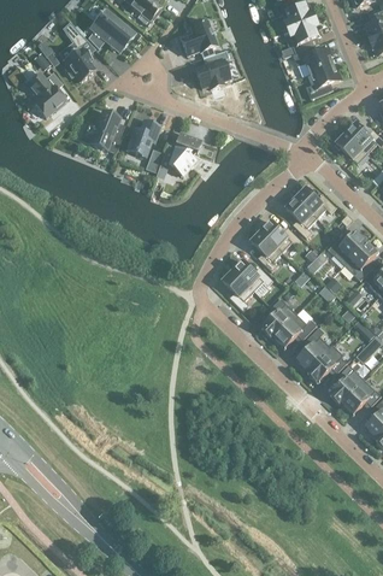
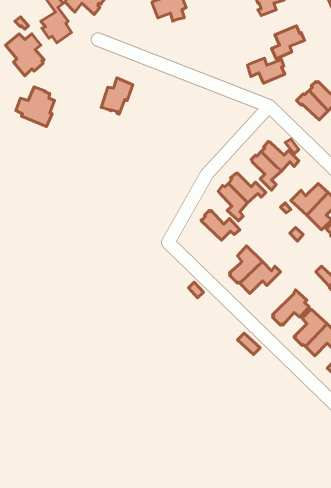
building: [293,46,332,72] -> [247,58,285,83]
building: [194,49,229,88] -> none
building: [82,110,123,152] -> [16,87,54,126]
building: [154,131,200,176] -> none
building: [222,270,253,310] -> none
building: [296,327,330,370] -> none

